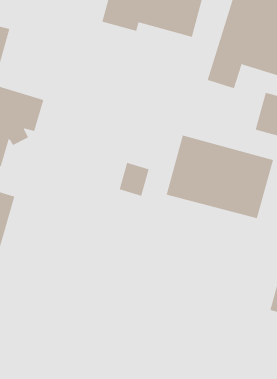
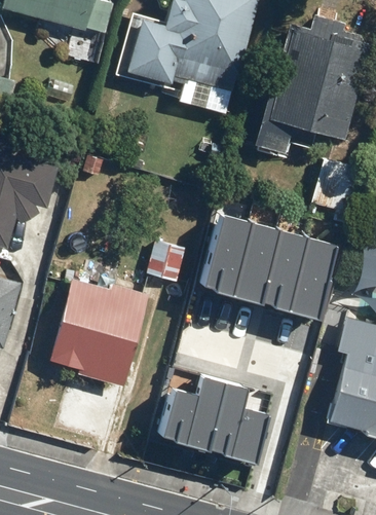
building: none -> [48,280,149,389]
building: none -> [161,373,266,457]

